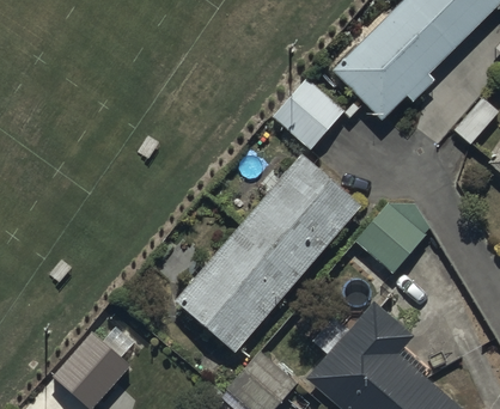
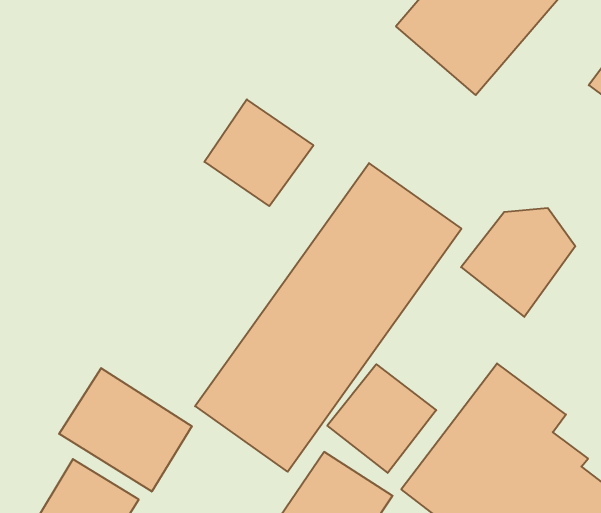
building: [269,83,341,153] -> [204,99,313,206]
building: none -> [59,368,192,492]
building: none -> [327,364,436,473]

